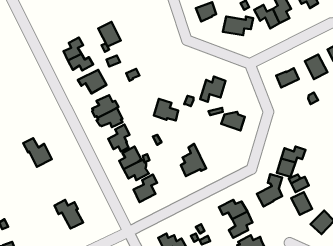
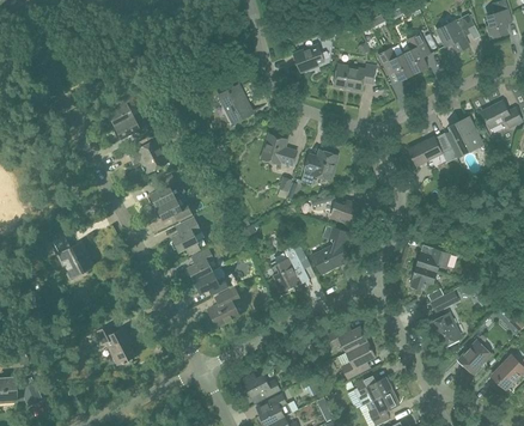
building: [98,22,121,46] -> [219,86,251,121]
building: [154,99,178,121] -> [261,134,295,165]
building: [257,174,282,206] -> [312,227,348,273]

